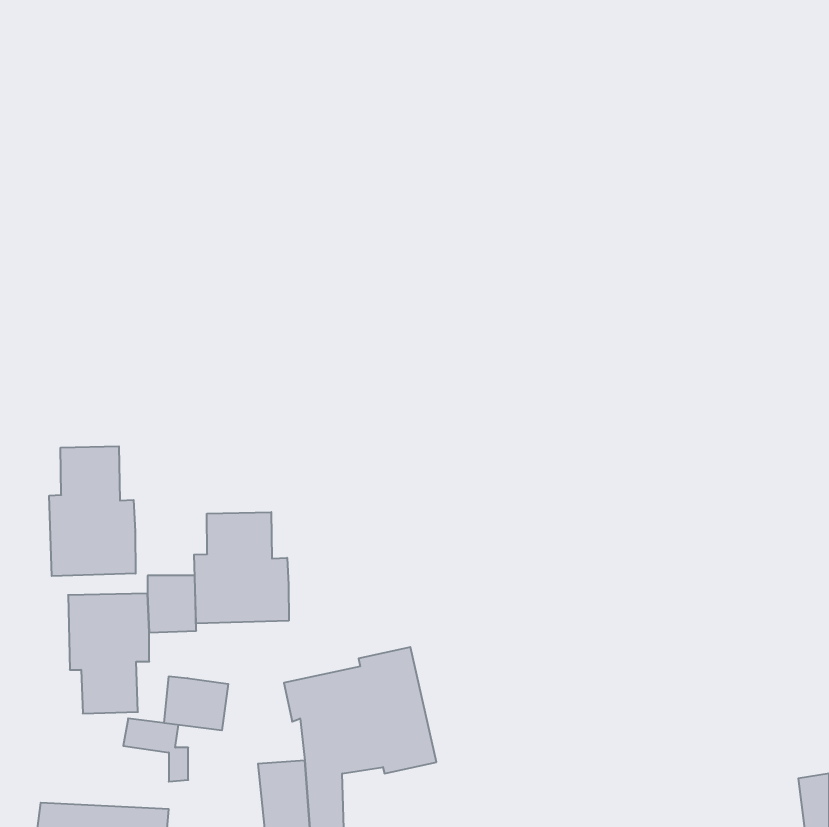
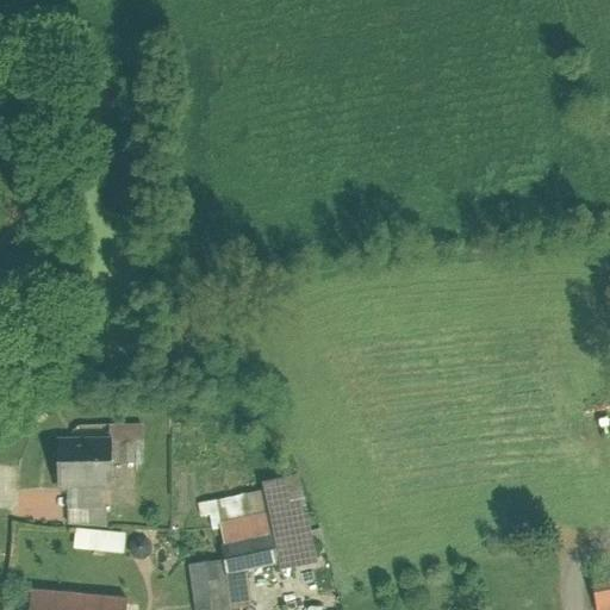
building: [49,446,136,576] -> none
building: [194,512,289,624] -> none
building: [164,676,228,730] -> none

